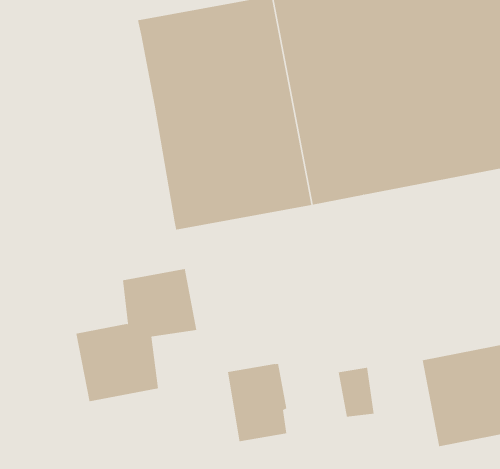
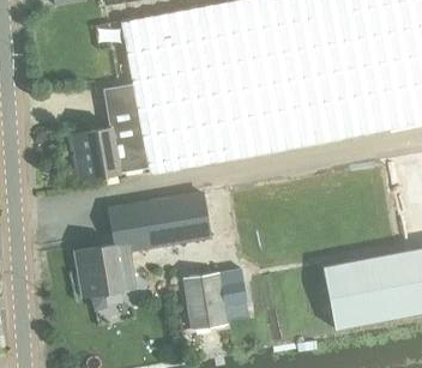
building: none -> [72,85,146,180]
building: none -> [155,195,210,247]
building: [338,367,375,417] -> [222,267,248,303]

